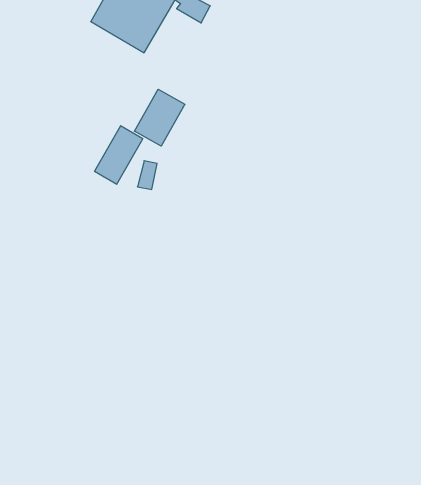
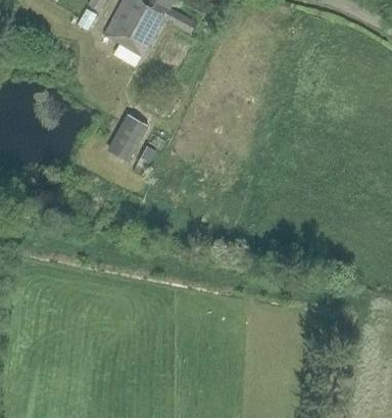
building: [134,89,185,146] -> none

